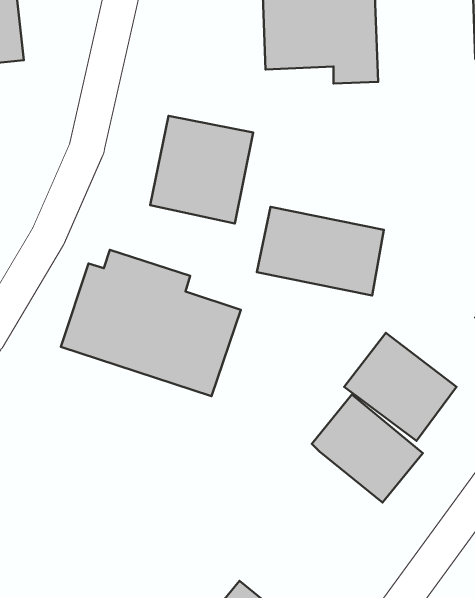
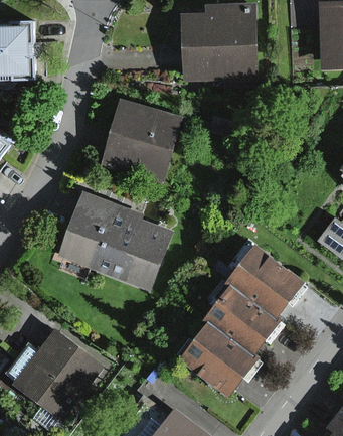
building: [257,207,384,296] -> none
building: none -> [186,325,264,401]
building: none -> [20,333,101,415]

